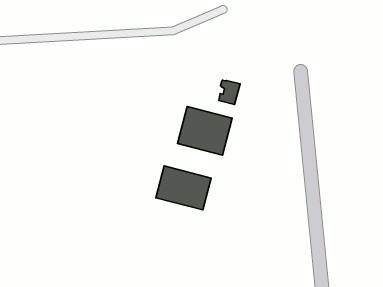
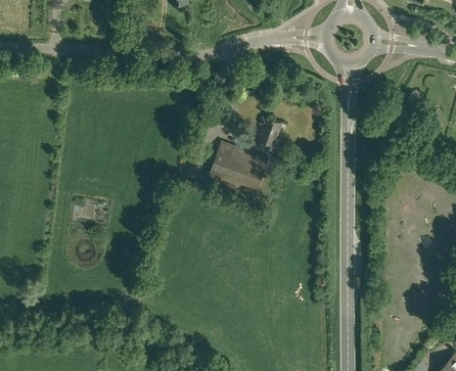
building: [156,166,211,210] -> none

